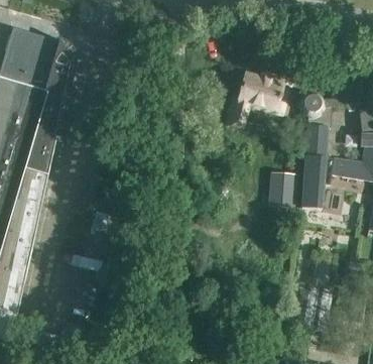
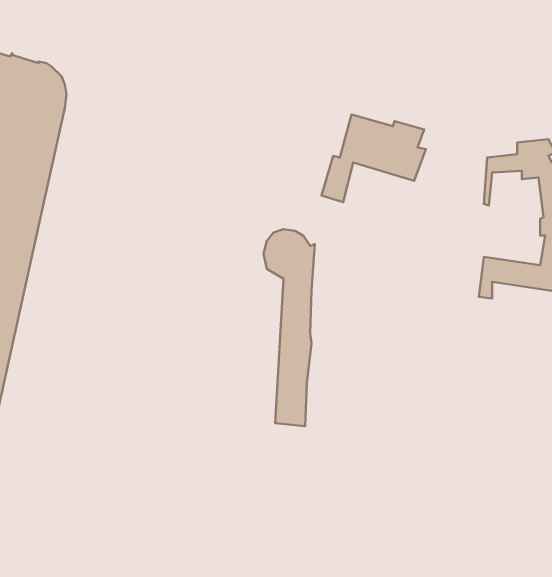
building: [296,90,328,210] -> [264,229,315,426]
building: [269,167,295,202] -> none

